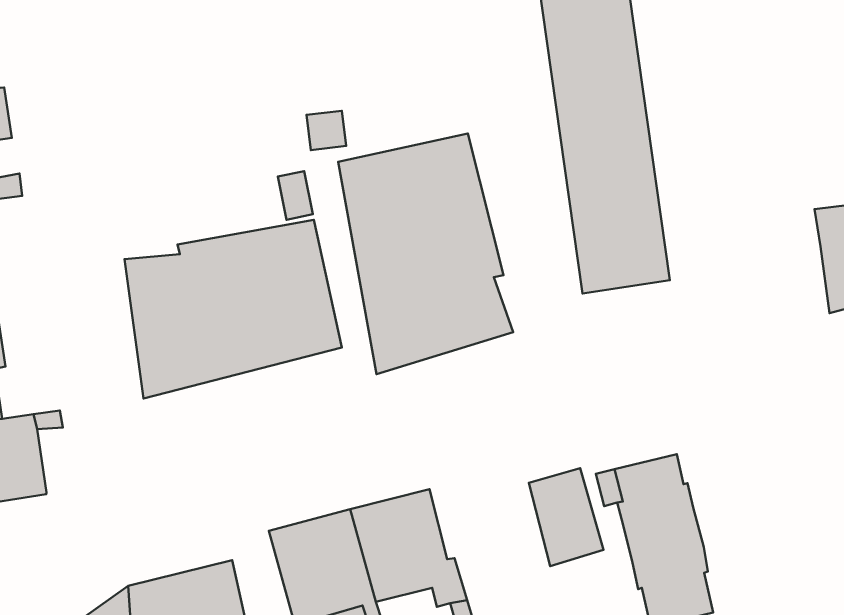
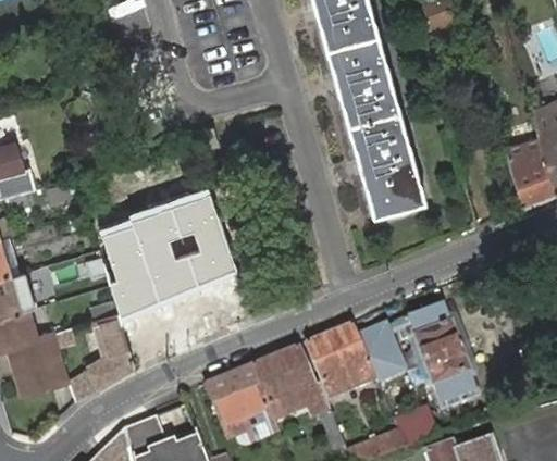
building: [338,134,513,374] -> none
building: none -> [70,315,135,398]
building: none -> [306,324,374,396]

